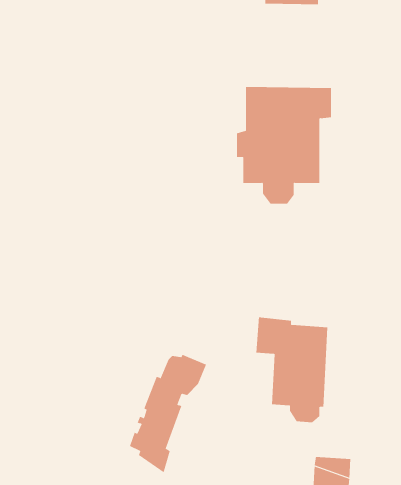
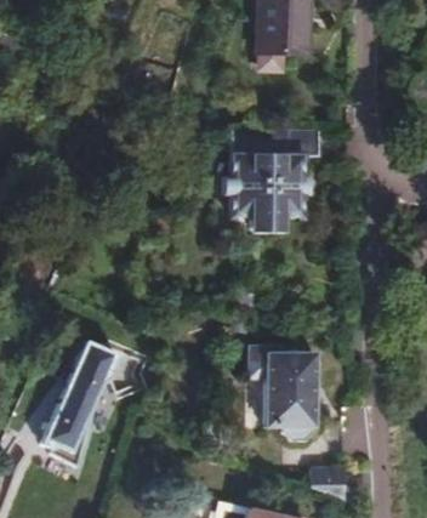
building: [129,354,207,473] -> [45,343,118,455]

